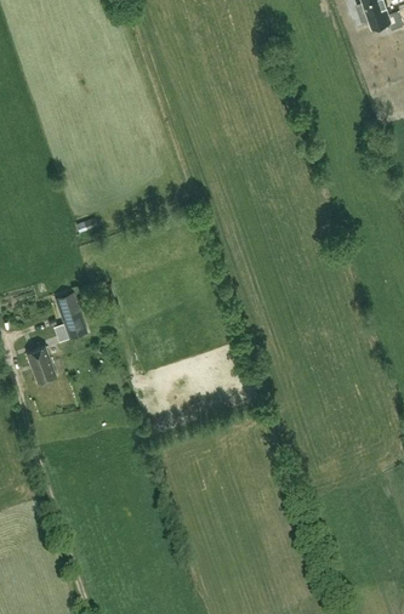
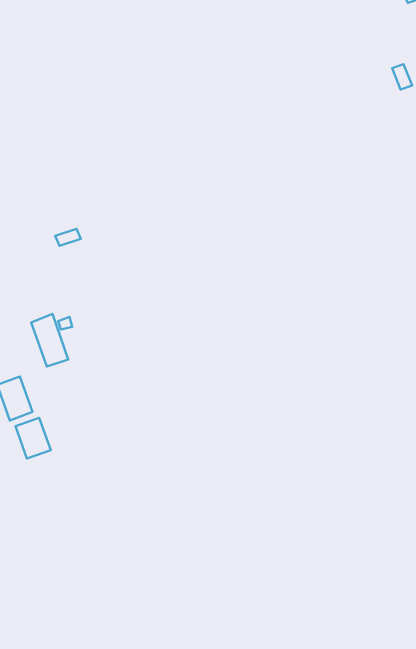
building: none -> [15,418,51,458]

